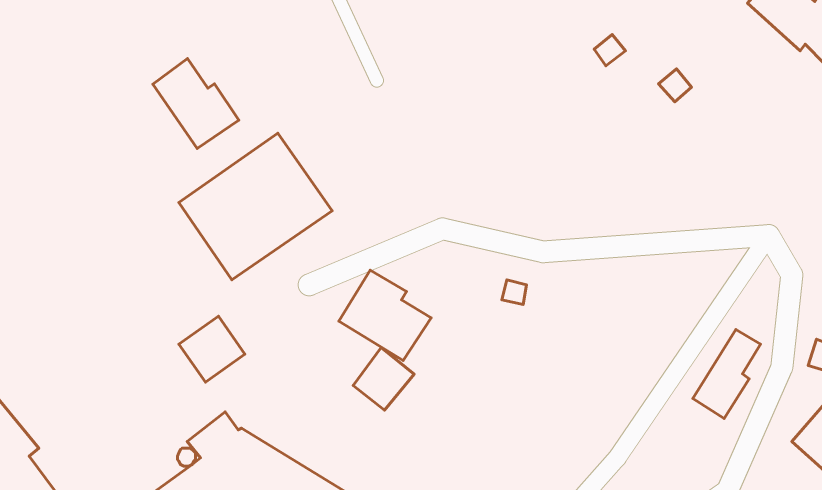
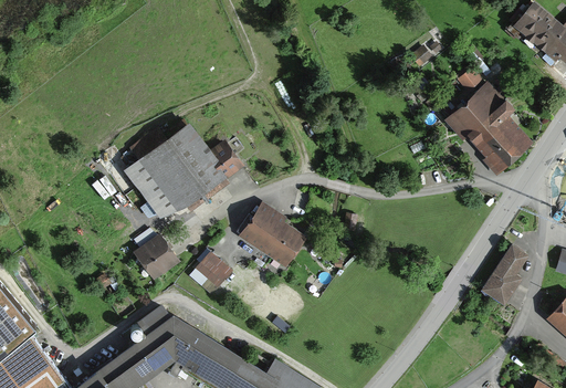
building: [153,58,239,149] -> none
building: none -> [443,84,526,176]
building: [353,348,414,410] -> [190,254,231,296]

